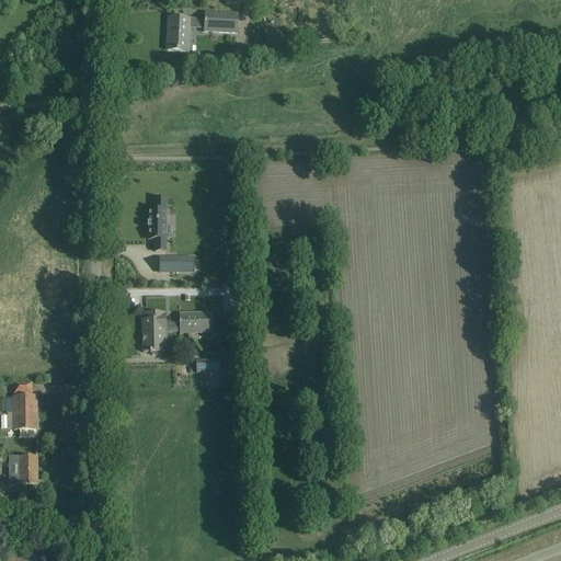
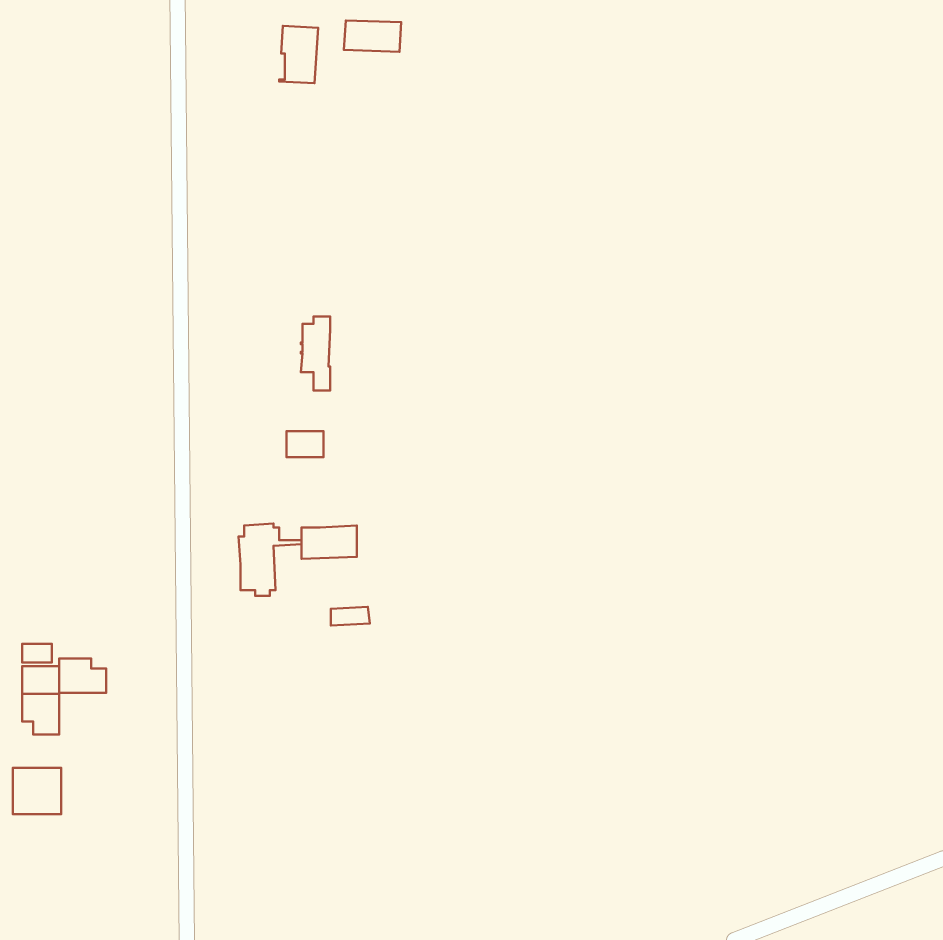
building: [147,205,164,249] -> [301,317,330,391]
building: none -> [59,658,106,693]

